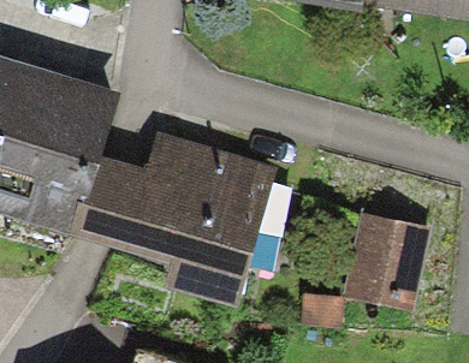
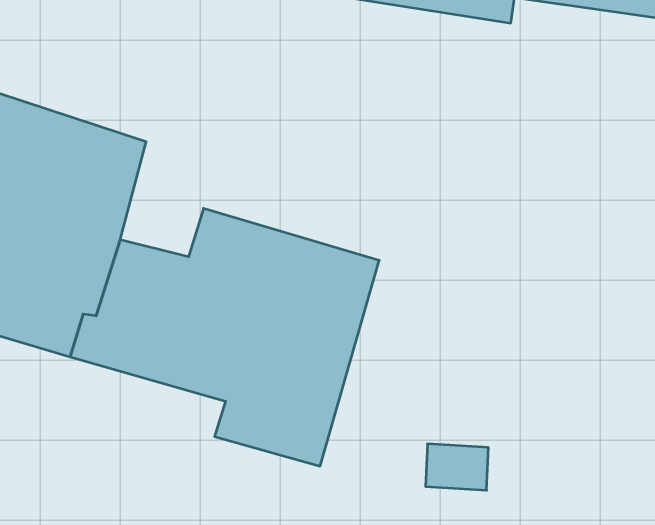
building: [340,208,434,308] -> none

